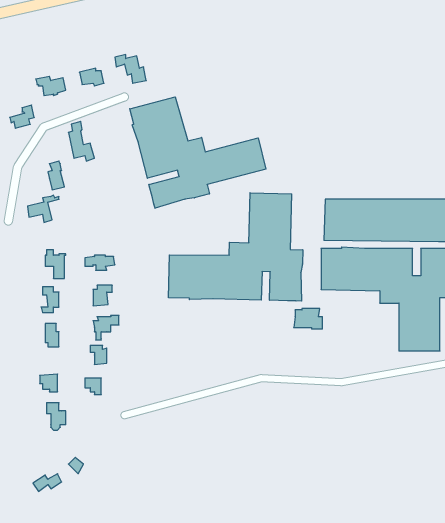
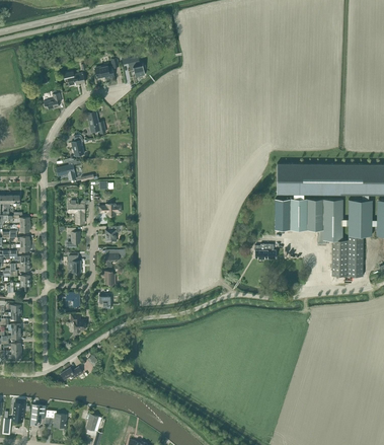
building: [130,97,266,208] -> none
building: [169,193,303,301] -> none

